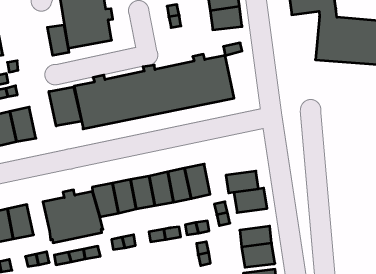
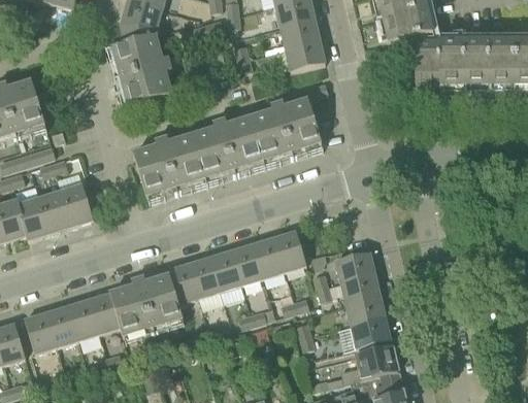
building: [47,25,69,55] -> none
building: [49,87,81,126] -> none
building: [226,171,259,193] -> [340,274,381,303]
building: none -> [91,292,121,332]

